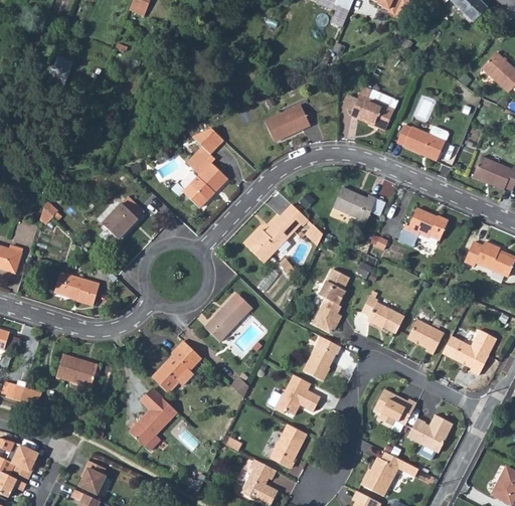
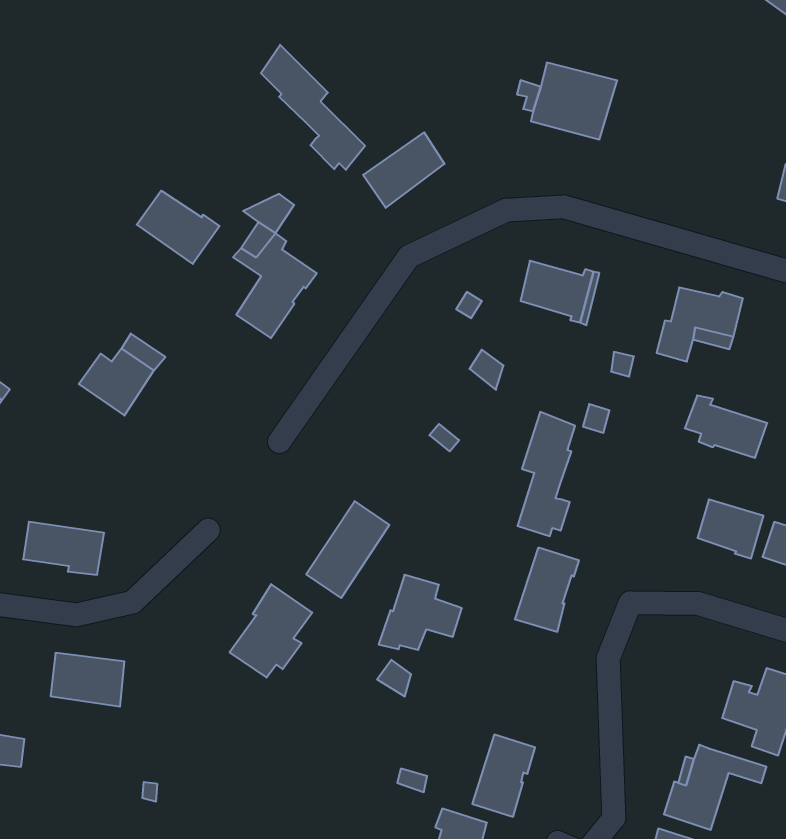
building: none -> [261,45,365,170]
building: none -> [137,191,220,264]
building: [398,118,451,155] -> none
building: [242,205,303,265] -> none
building: [359,299,402,336] -> [685,395,767,458]
building: [277,372,323,412] -> [379,575,462,650]
building: [130,389,178,452] -> none
building: [371,390,413,428] -> none

